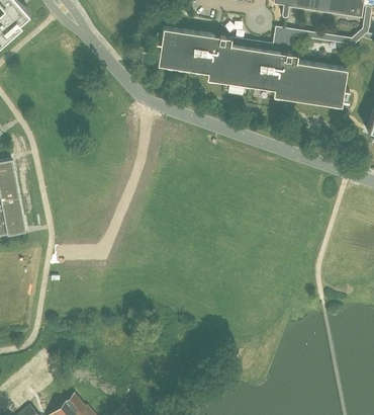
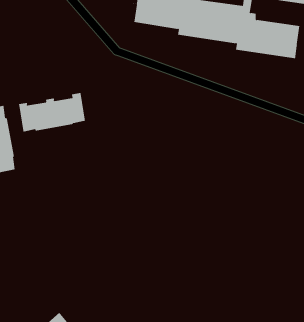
building: none -> [19,92,85,133]

